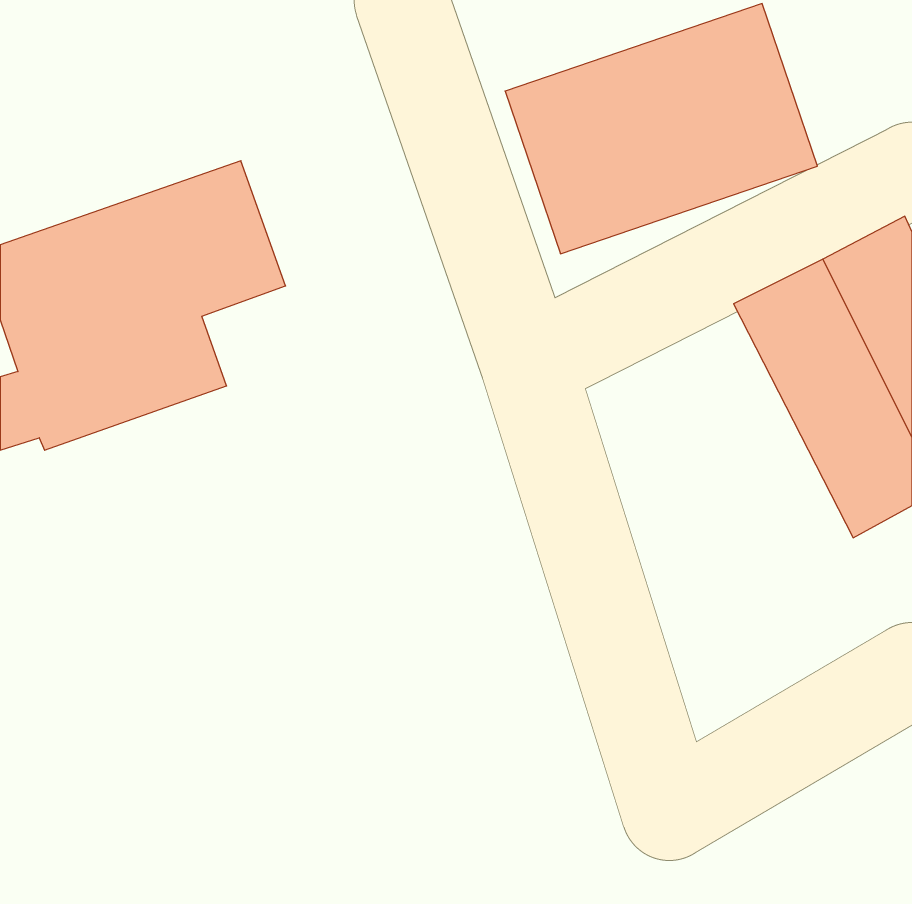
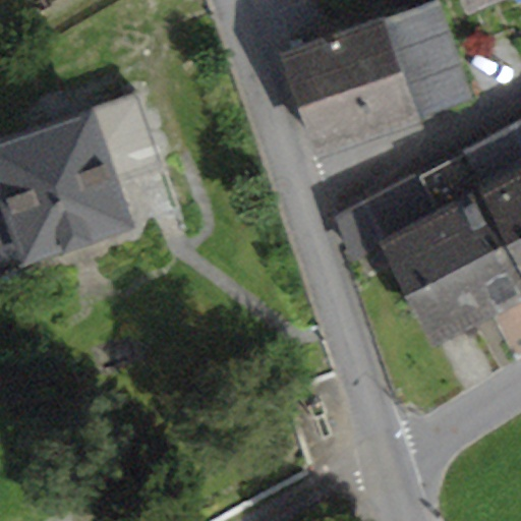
building: none -> [341,178,486,339]

